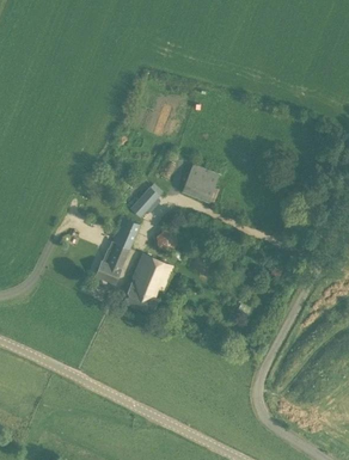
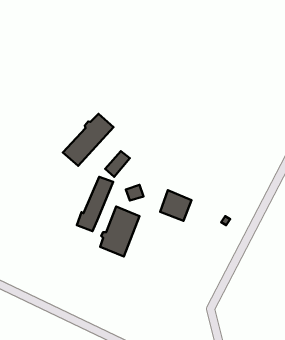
building: none -> [63,114,113,166]
building: [183,165,221,202] -> [160,190,191,221]

